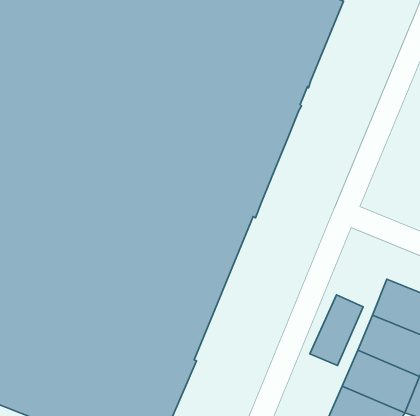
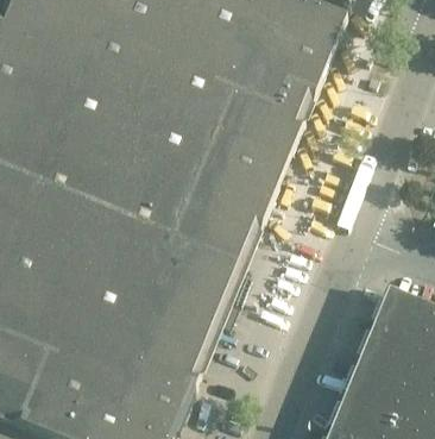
building: [310,295,363,366] -> none

